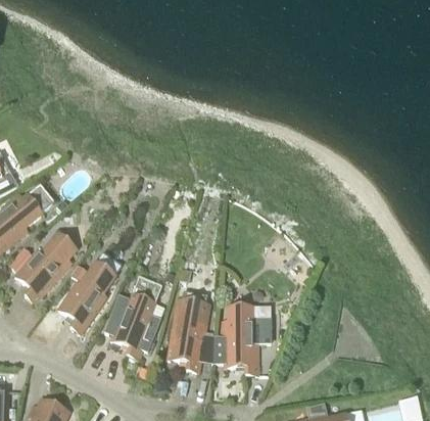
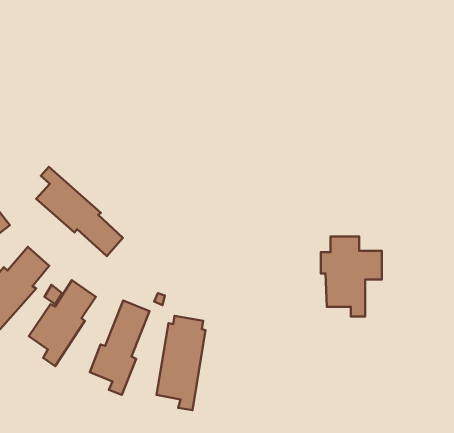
building: none -> [36,167,123,256]
building: [221,307,273,375] -> [321,237,382,317]

